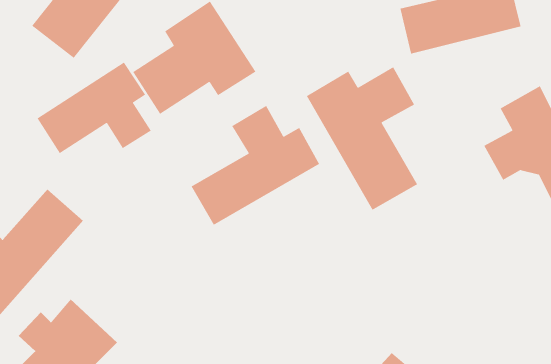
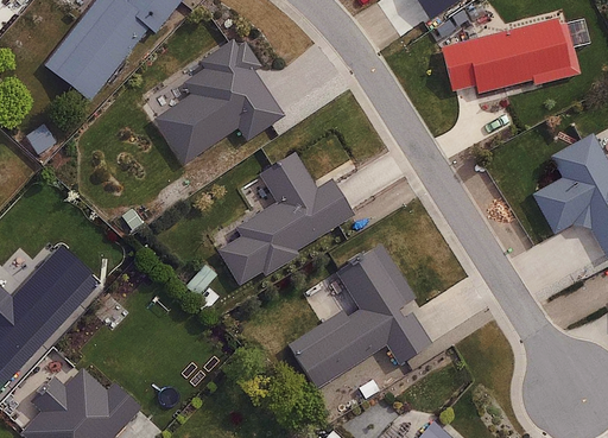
building: [36,61,152,154] -> none
building: [306,66,418,211] -> none
building: none -> [291,247,437,388]

